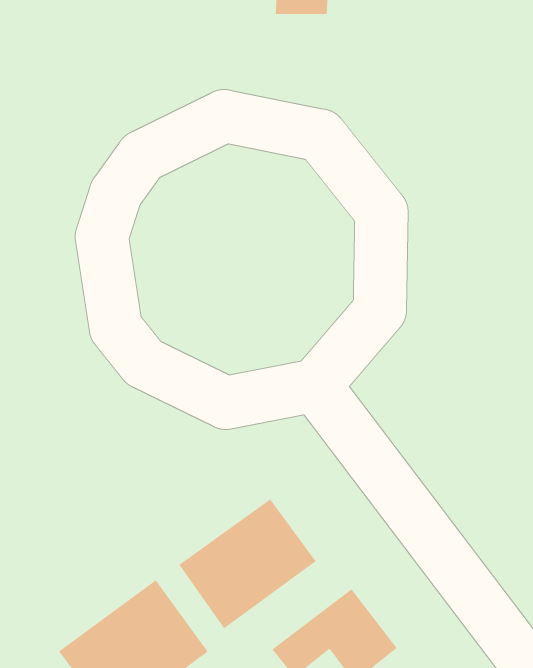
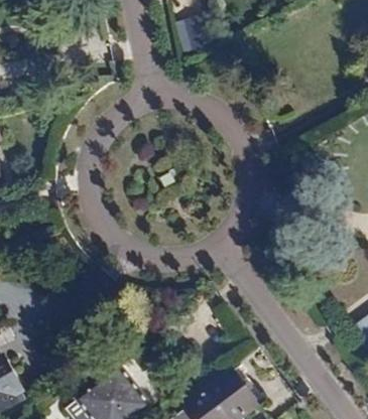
building: [178,498,317,629] -> none

